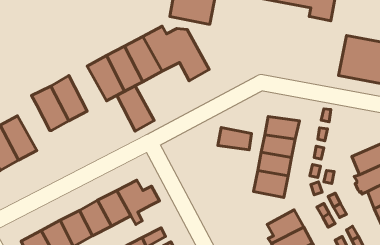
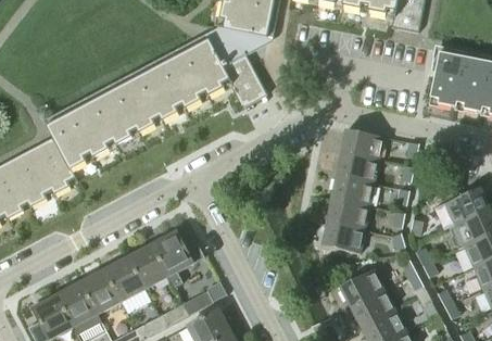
building: [117,86,154,131] -> [91,88,138,144]
building: none -> [27,137,76,193]
building: [218,127,252,150] -> [340,128,382,156]

